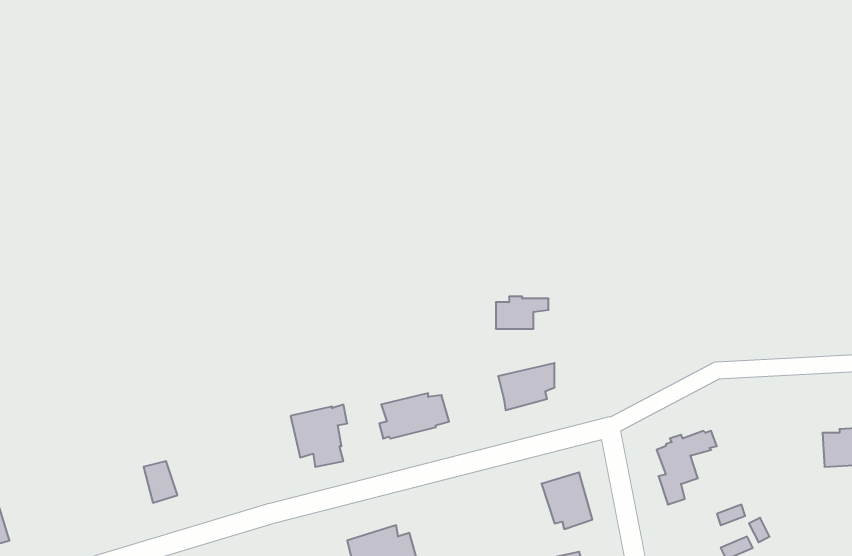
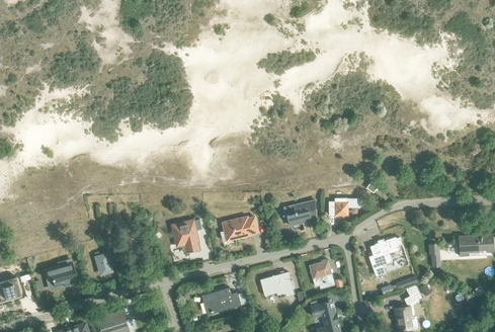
building: [496,297,549,329] -> [328,198,356,216]
building: none -> [51,261,79,284]
building: none -> [259,272,294,297]

